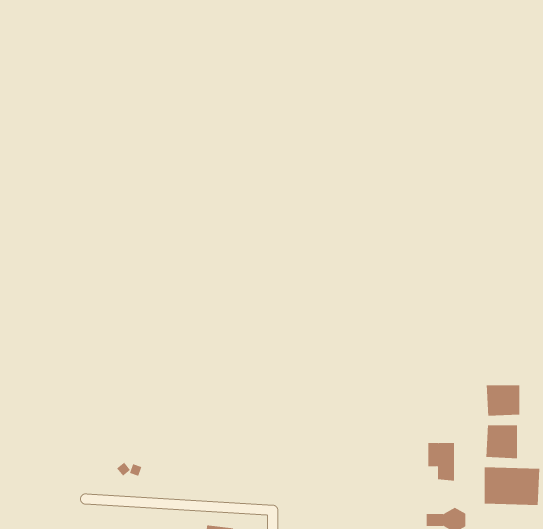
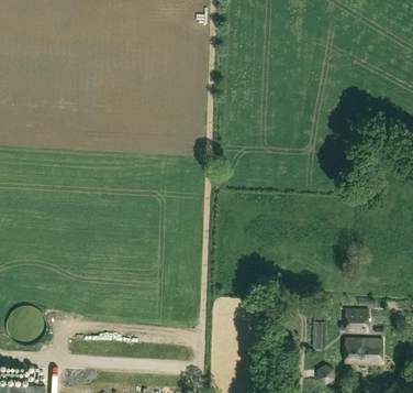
building: [486,385,520,417] -> none

